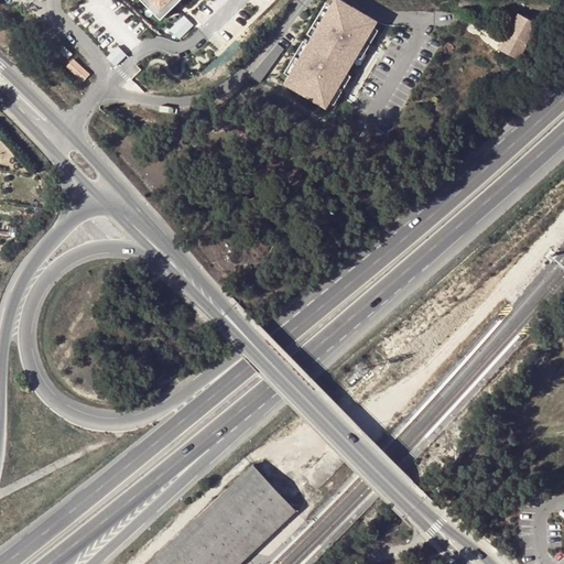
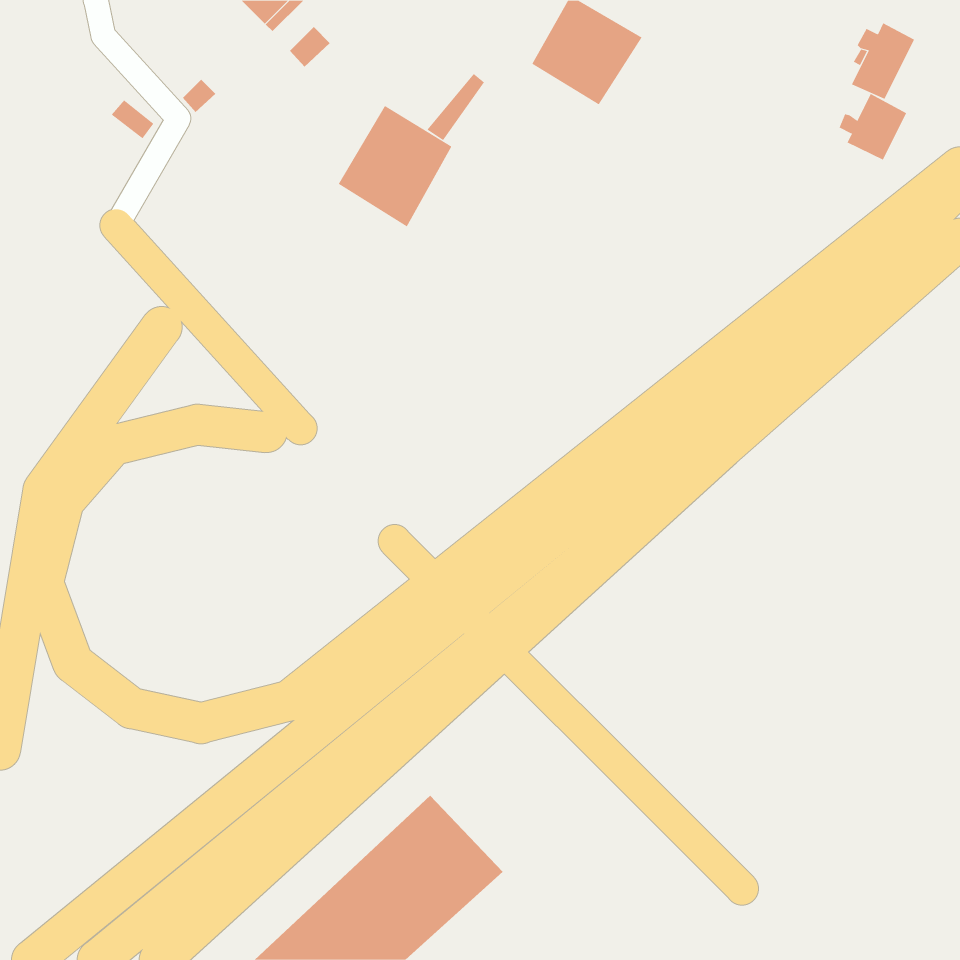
building: [284,37,351,109] -> [338,105,452,227]
building: none -> [839,93,907,160]

